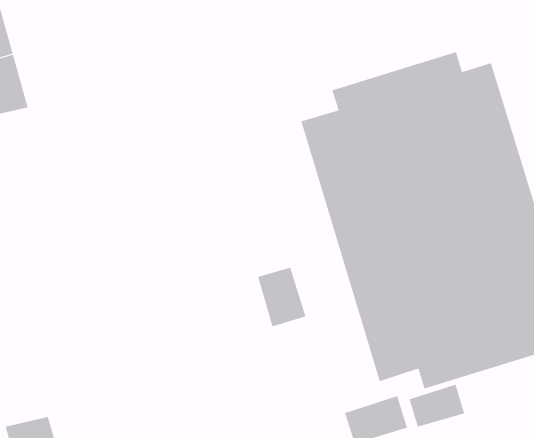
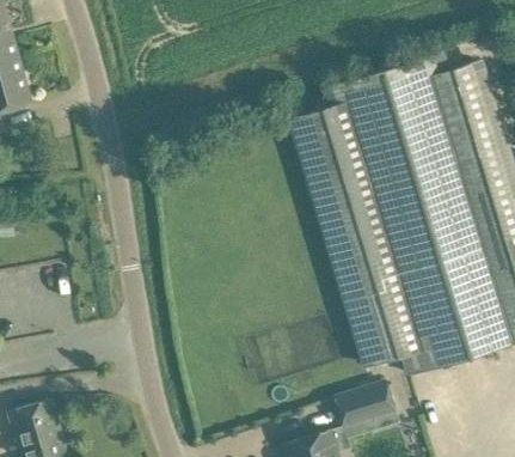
building: [258,267,306,327] -> none
building: [409,384,465,427] -> none

